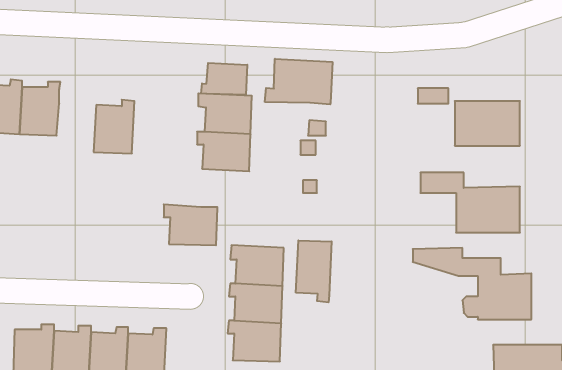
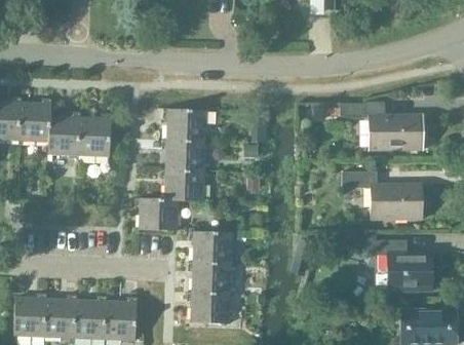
building: [265,59,332,104] -> none
building: [201,63,247,95] -> none
building: none -> [48,112,81,155]
building: none -> [161,168,204,201]
building: [296,240,332,302] -> none

